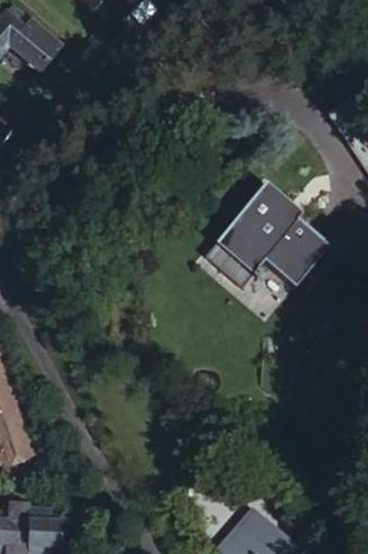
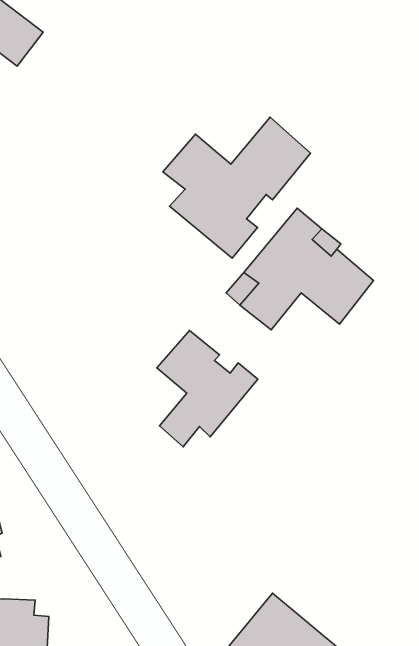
building: none -> [163,117,311,258]
building: none -> [157,331,258,447]

